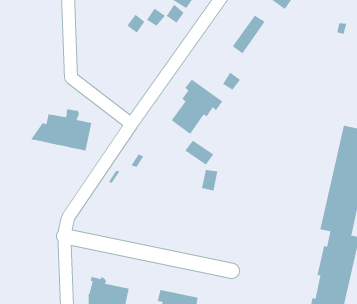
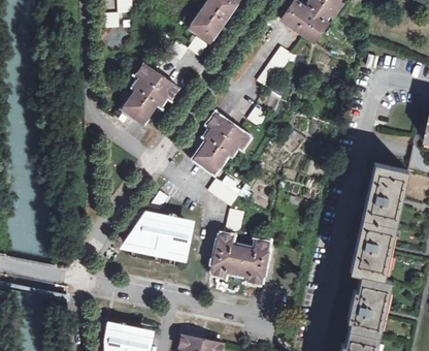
building: none -> [123,63,177,122]
building: [30,109,92,151] -> [126,210,191,254]
building: none -> [212,233,269,282]

